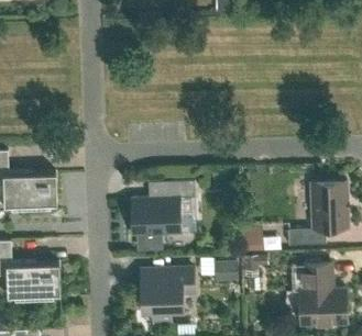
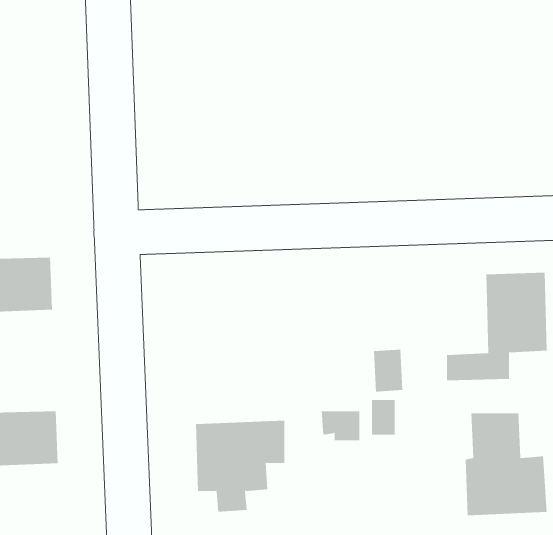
building: [132,180,195,249] -> none

